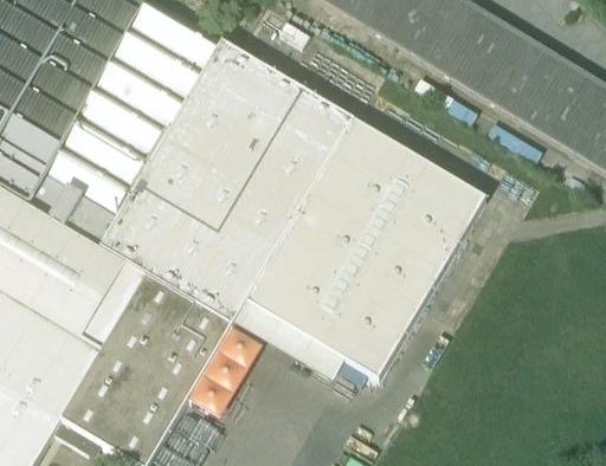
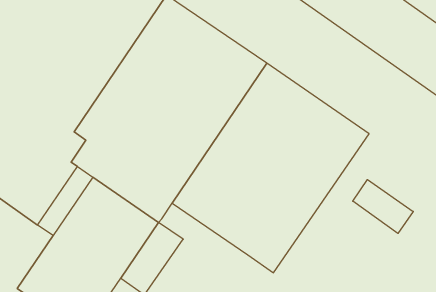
building: none -> [353,180,413,233]
building: [80,261,146,349] -> none
building: [234,299,344,377] -> none

